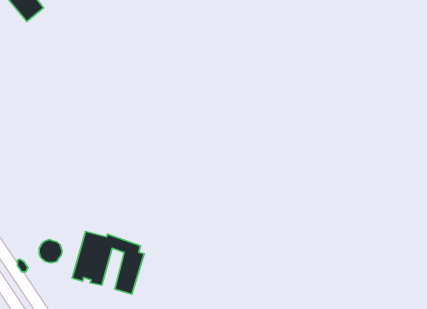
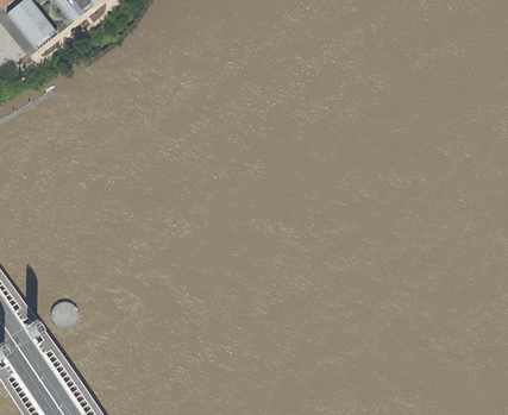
building: [72,232,144,294] -> none

